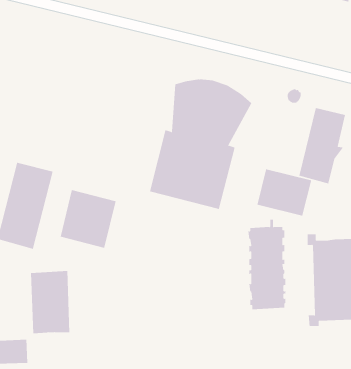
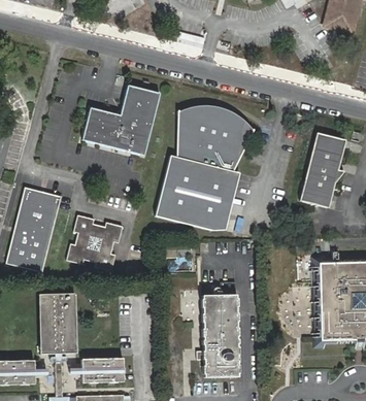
building: none -> [81,85,158,154]
building: [257,169,312,216] -> none
building: [247,219,286,310] -> [199,289,237,377]
building: none -> [82,359,123,382]

